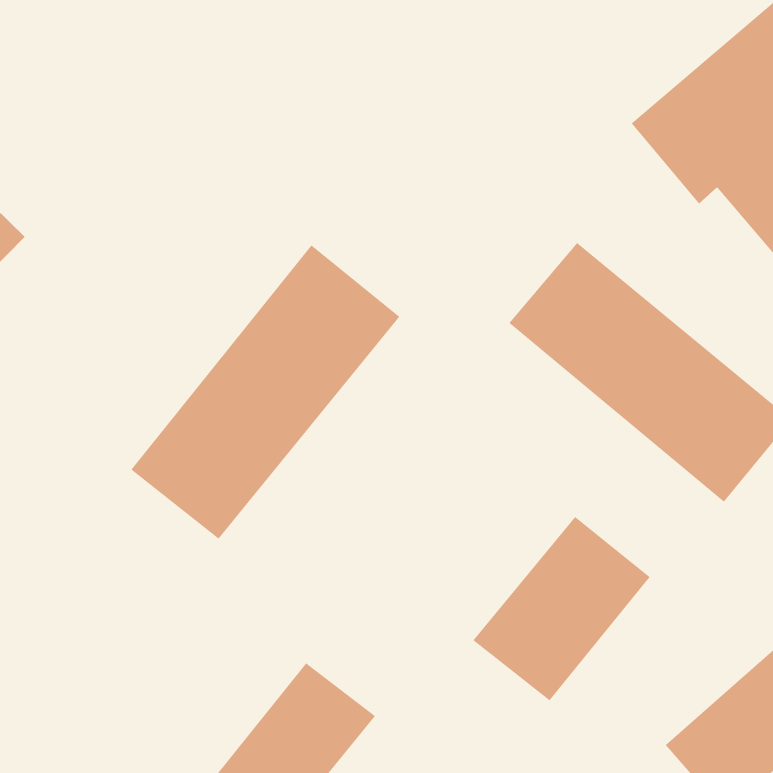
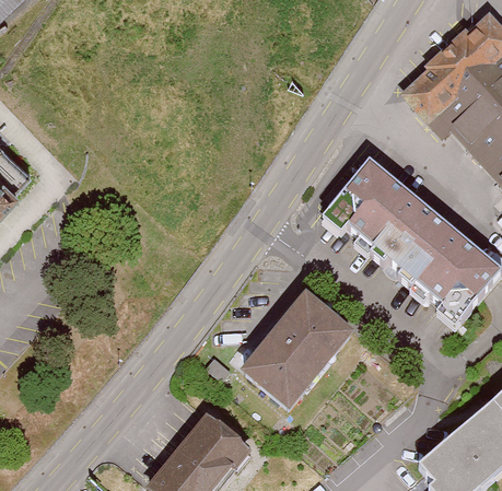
building: [131,245,400,540] -> none
building: [473,516,650,701] -> [244,293,352,406]

